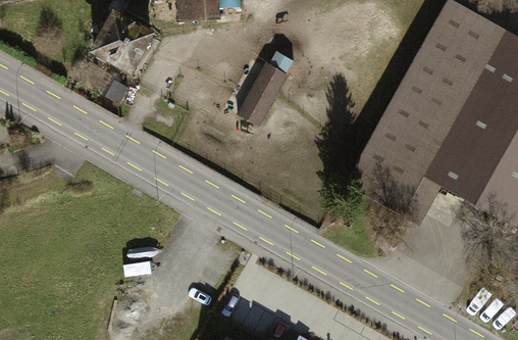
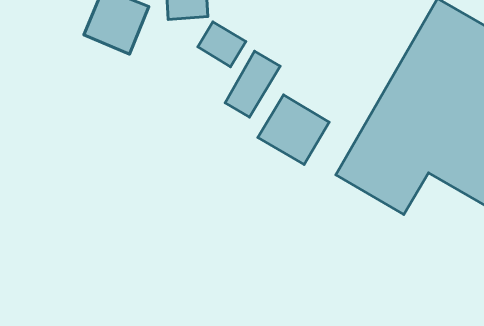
building: none -> [198,22,246,67]
building: none -> [258,95,329,165]

